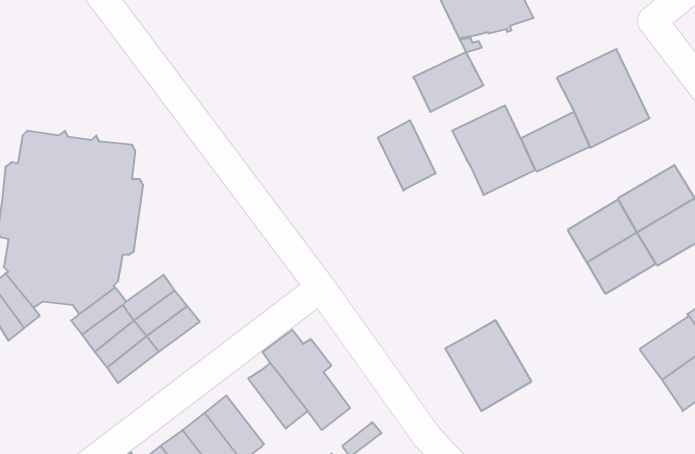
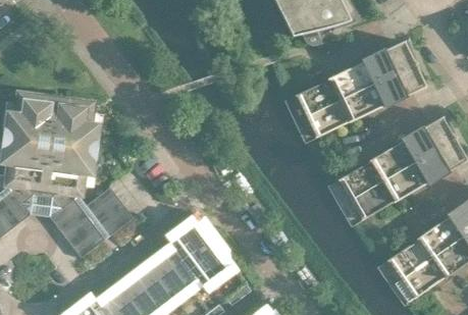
building: [413,52,483,112] -> [329,61,375,100]
building: [378,120,436,191] -> none
building: [445,320,531,411] -> [339,160,395,219]
building: none -> [387,238,446,298]
building: none -> [149,256,188,299]

